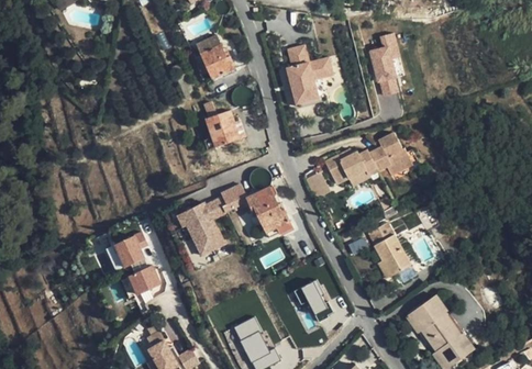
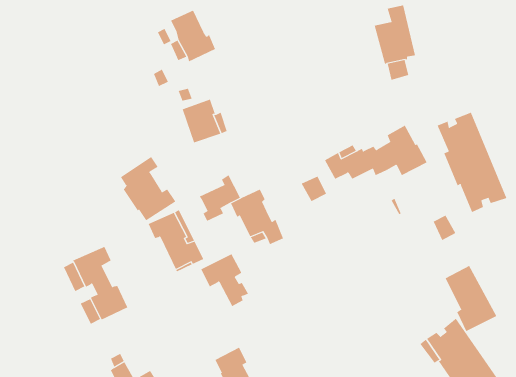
building: [287,44,334,103] -> none
building: none -> [437,112,507,213]
building: none -> [120,156,176,221]
building: [368,225,412,281] -> [445,265,497,332]
building: [291,278,332,323] -> [200,253,249,307]

